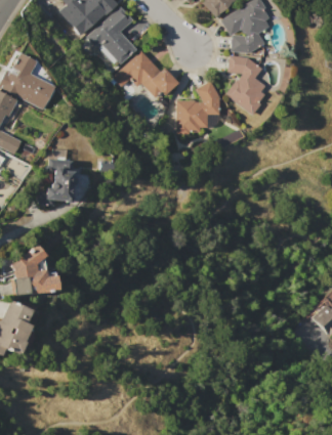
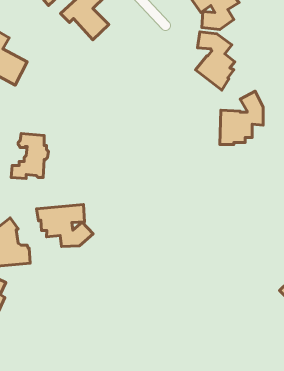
building: [116,51,179,97] -> none
building: [176,80,220,134] -> [220,91,263,144]
building: none -> [37,205,93,247]

